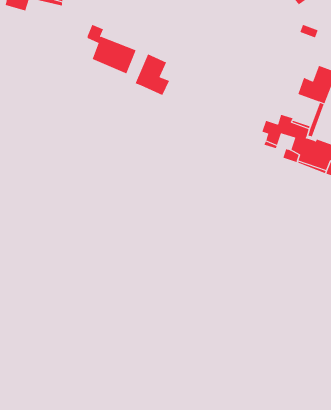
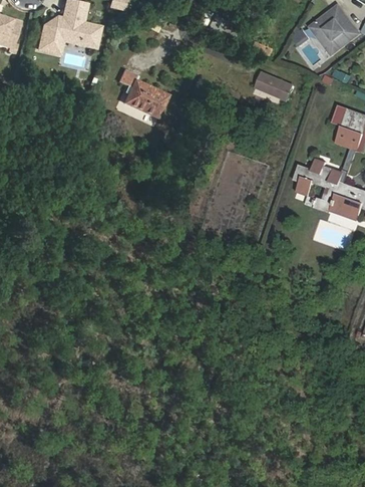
building: none -> [256,71,286,95]
building: [135,54,170,96] -> none

